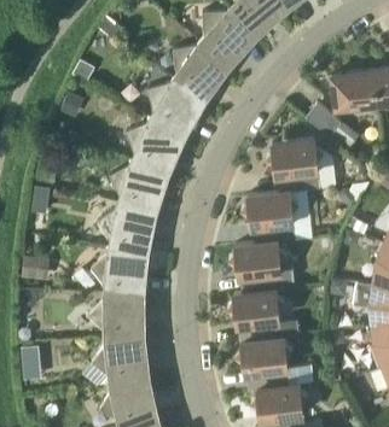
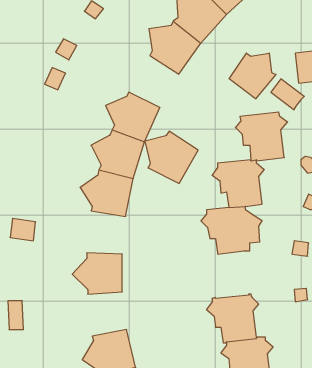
building: none -> [229,53,276,99]
building: [147,78,205,135] -> [145,131,198,183]
building: [91,247,147,294] -> none
building: [228,291,290,343] -> none
building: [92,335,149,384] -> none

